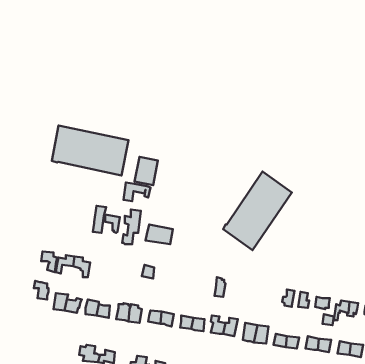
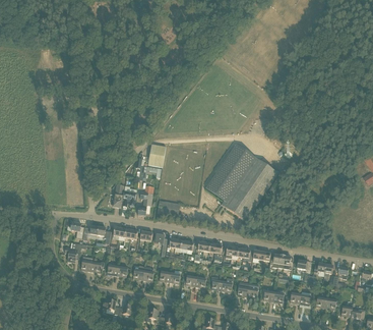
building: [52,125,128,175] -> none
building: none -> [205,143,253,199]

